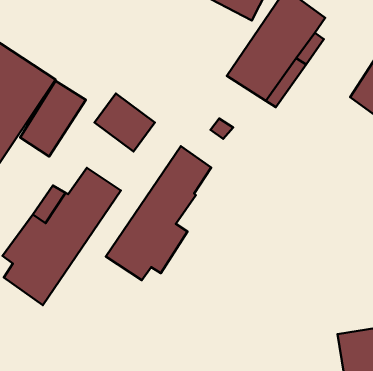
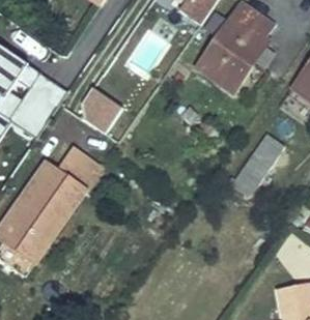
building: [106,146,211,280] -> none
building: none -> [227,136,279,198]

